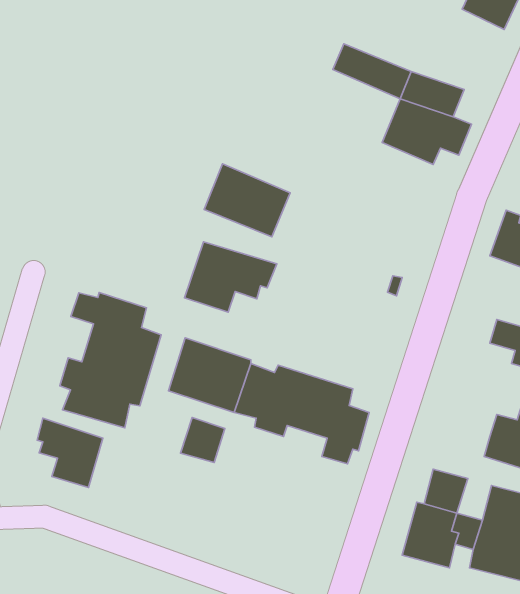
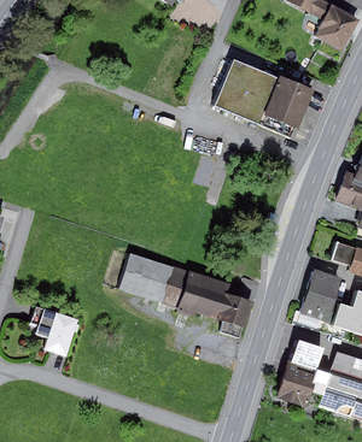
building: [204,164,290,237] -> [217,76,274,124]
building: [185,242,277,312] -> none
building: [60,292,161,428] -> none
building: none -> [296,267,339,331]
building: [180,418,225,462] -> none

